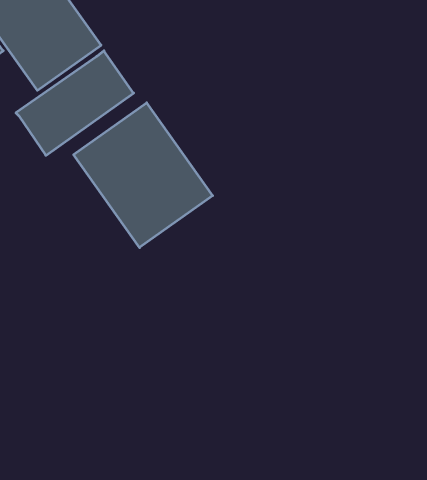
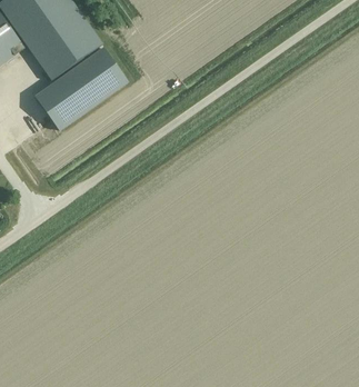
building: [74,103,213,248] -> none

